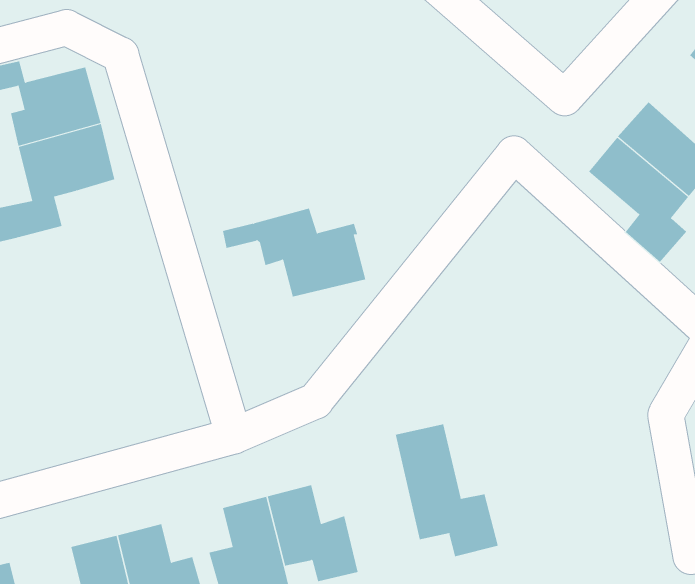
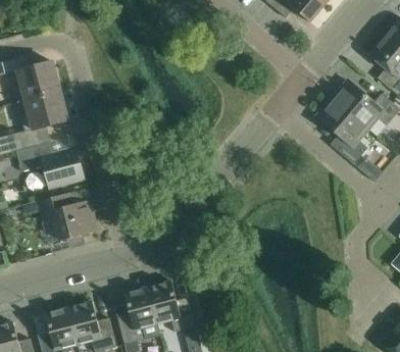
building: [222,208,366,297] -> [22,193,98,240]
building: none -> [17,142,84,188]
building: [395,423,498,557] -> none

